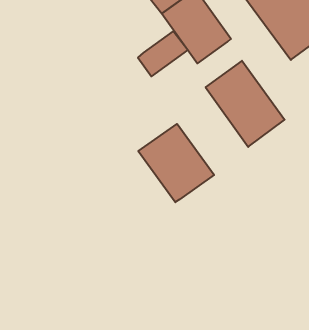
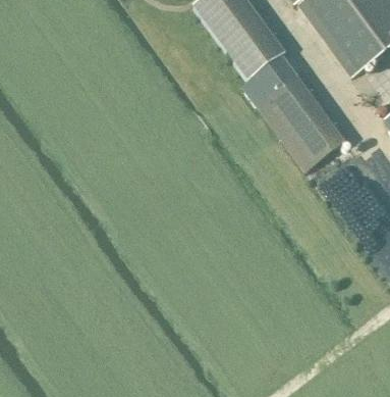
building: [138,31,188,76] -> [240,54,296,105]
building: [138,124,214,202] -> none

